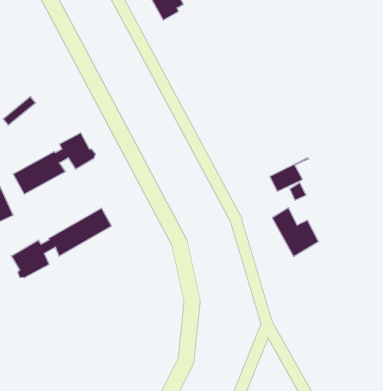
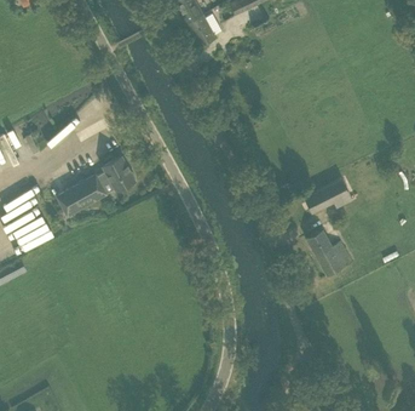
building: [11,208,112,278] -> none

